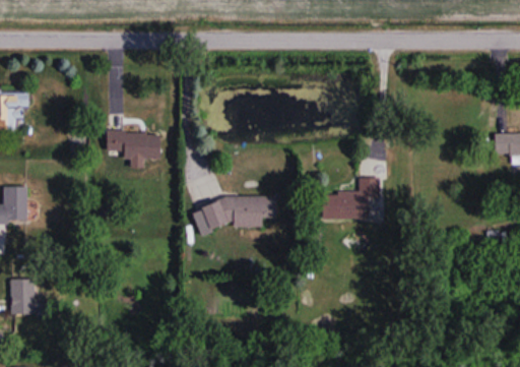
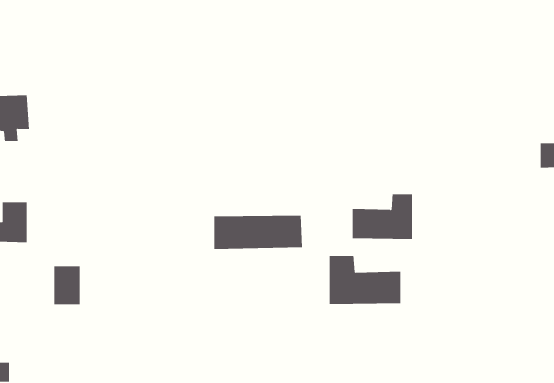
building: [107,130,161,158] -> none
building: none -> [329,255,401,305]
building: [10,278,35,313] -> [54,266,80,305]

